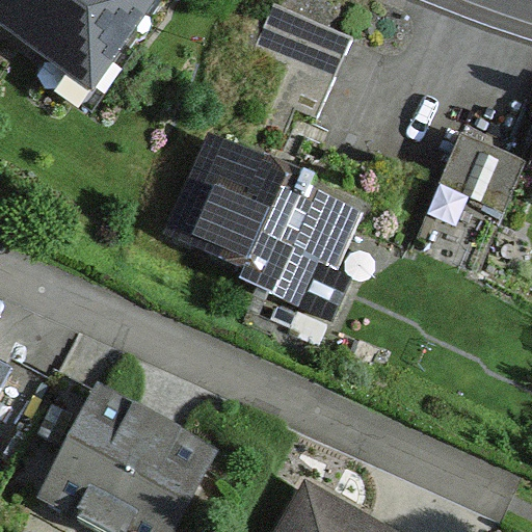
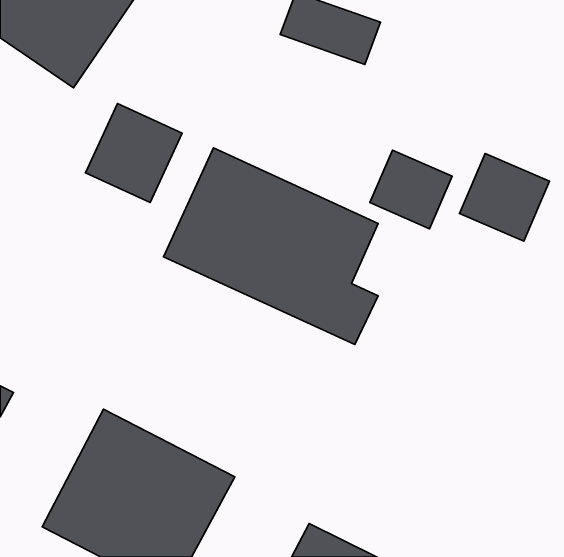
building: none -> [86,104,182,202]
building: none -> [370,150,452,229]

